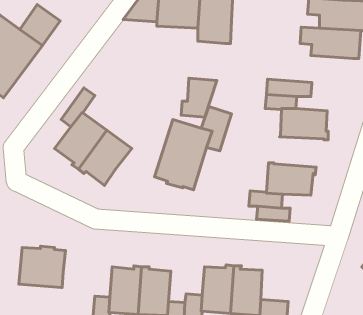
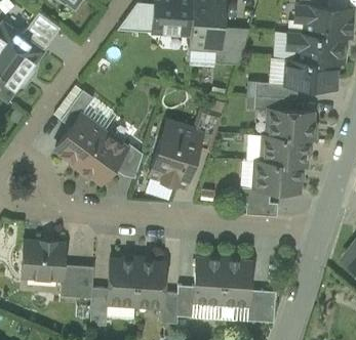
building: none -> [285,59,337,87]
building: [181,78,217,117] -> [214,27,248,63]
building: none -> [262,135,309,166]
building: none -> [112,143,142,177]
building: none -> [60,264,93,297]

